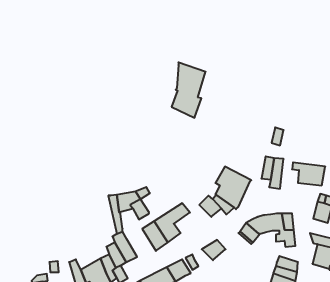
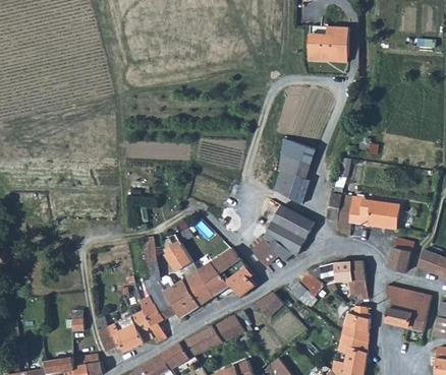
building: none -> [305,22,346,57]
building: [172,62,206,118] -> [273,137,314,203]
building: none -> [349,196,371,225]
building: none -> [221,260,256,298]
building: none -> [165,279,200,319]

